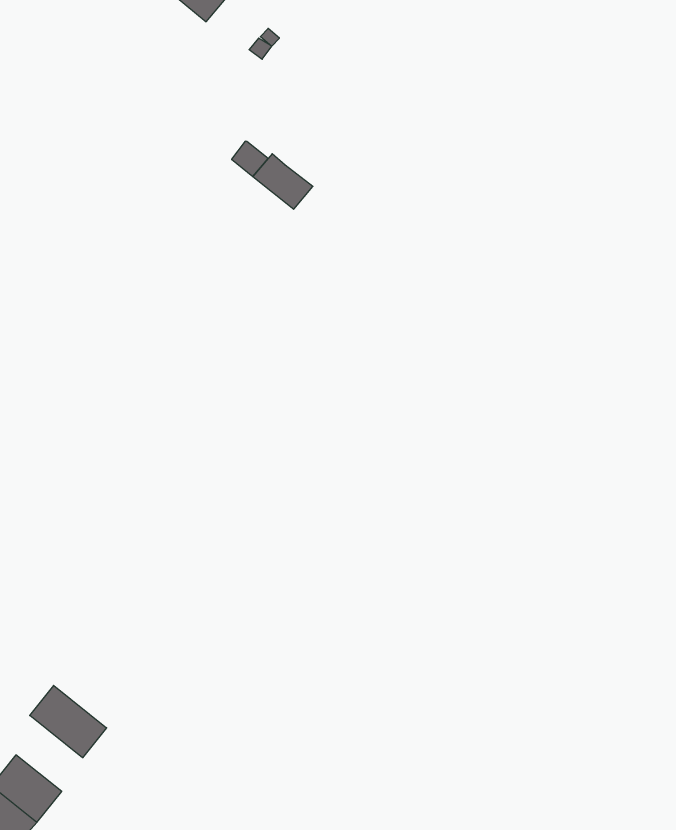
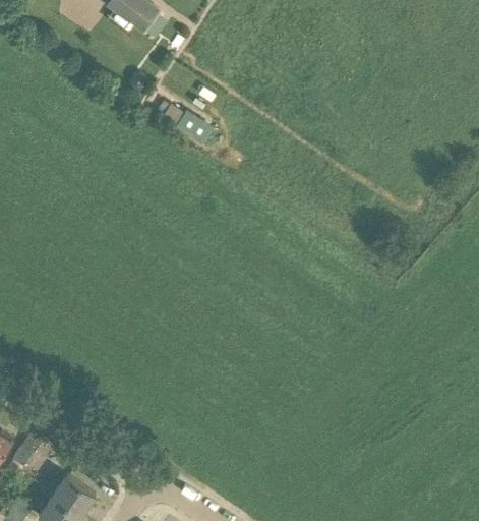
building: [30,685,107,758] -> none

